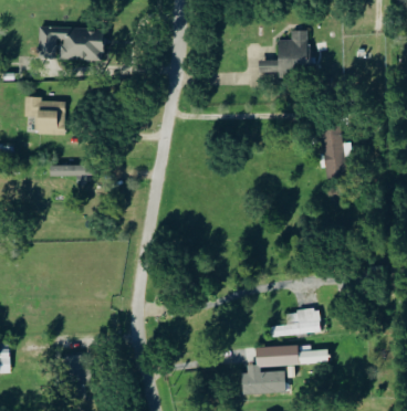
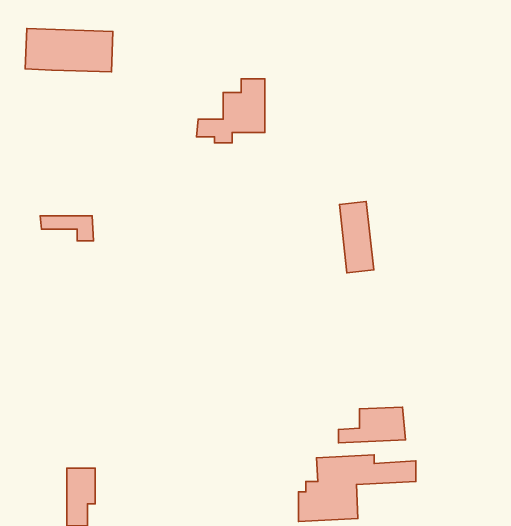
building: [258,31,309,78] -> [197,79,265,143]
building: [24,99,65,136] -> none
building: [320,126,345,179] -> [340,202,374,273]

